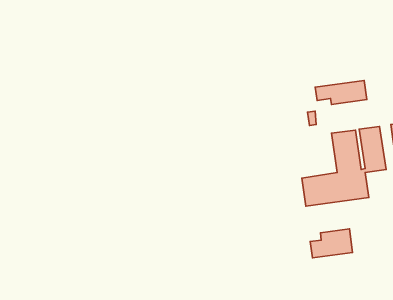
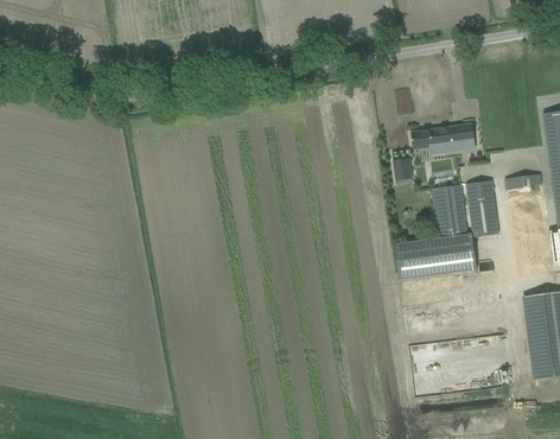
building: [310,229,353,258] -> none

